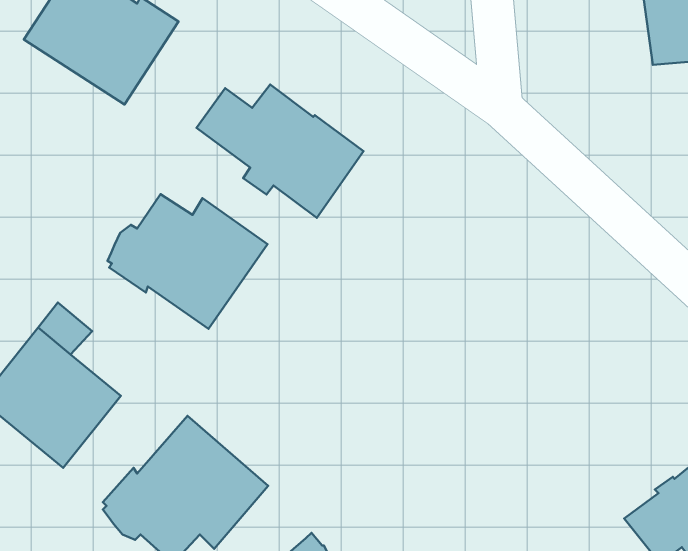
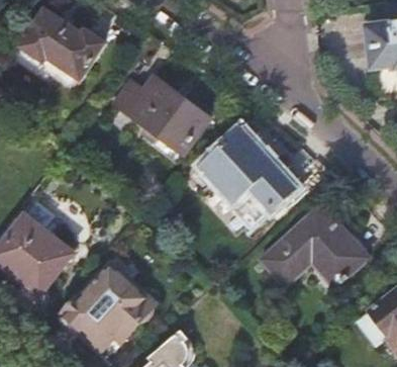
building: none -> [204,130,300,221]
building: [108,194,268,329] -> none
building: none -> [262,211,369,285]

